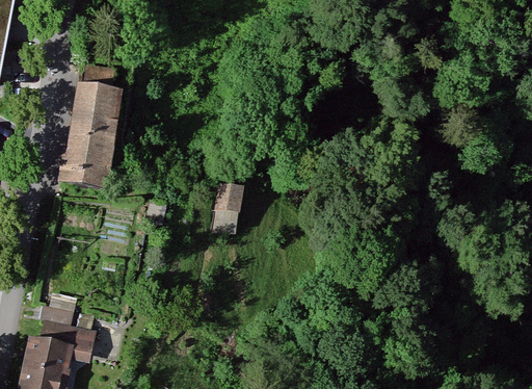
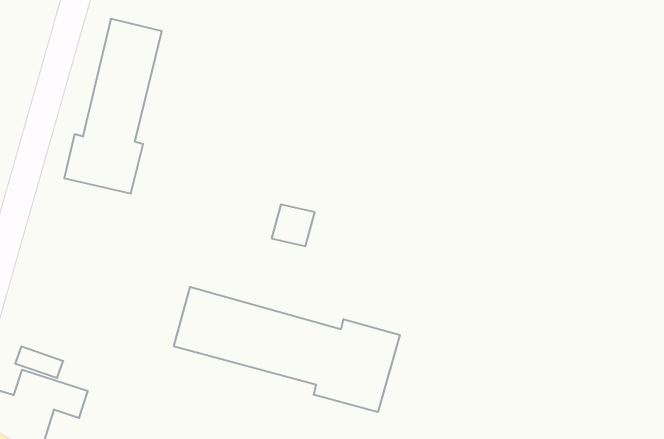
building: none -> [174,287,400,412]

